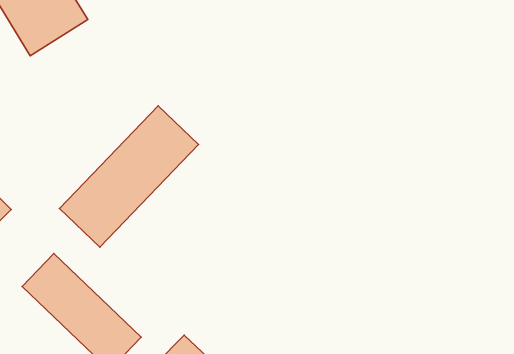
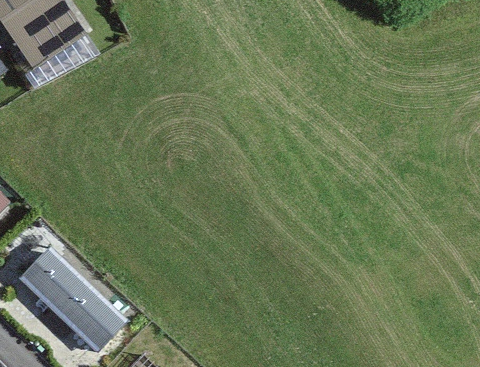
building: [59,106,199,247] -> none

